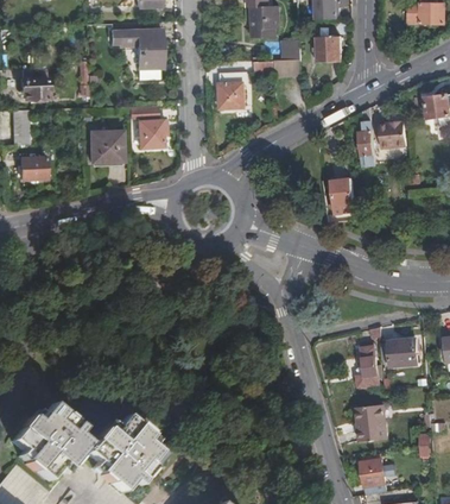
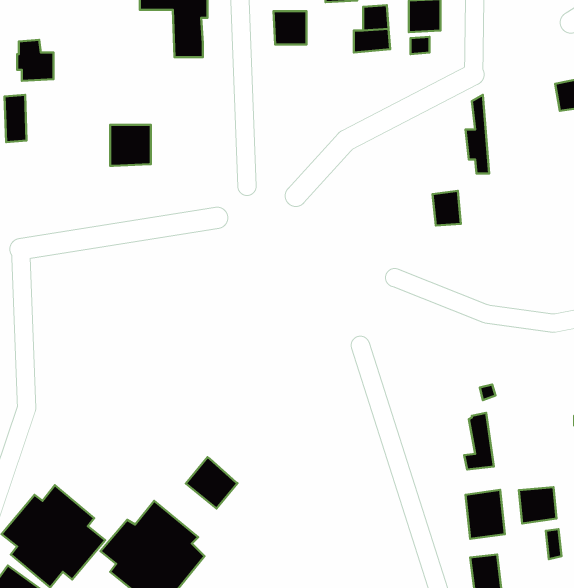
building: [218,82,243,107] -> [274,11,307,44]
building: [127,105,163,145] -> none
building: [379,121,406,149] -> none
building: [18,155,44,177] -> none
building: [389,341,418,368] -> [519,487,557,523]
building: none -> [186,457,237,509]

